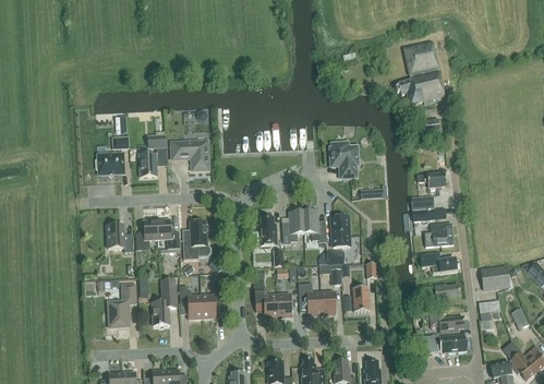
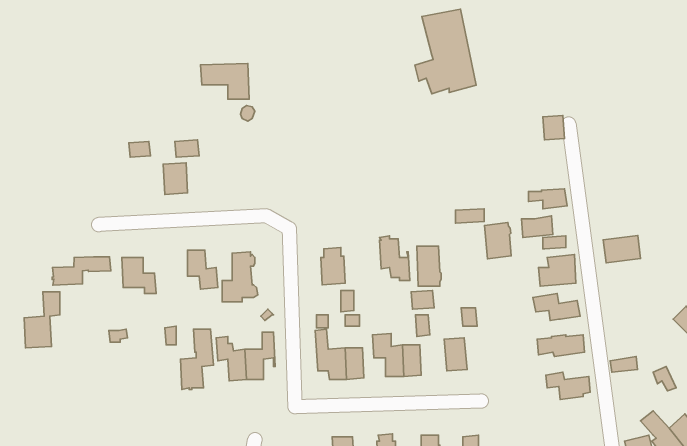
building: [397,40,444,105] -> [415,9,476,94]
building: [171,142,208,169] -> [201,63,249,99]
building: [330,143,358,177] -> none
building: [96,152,124,175] -> none
building: none -> [484,223,511,259]
building: [281,212,304,244] -> none
building: [135,219,157,250] -> none
building: none -> [52,257,111,285]
building: [481,267,509,288] -> [603,236,641,263]
building: [108,285,135,327] -> [24,292,60,348]
building: [424,334,467,352] -> none

